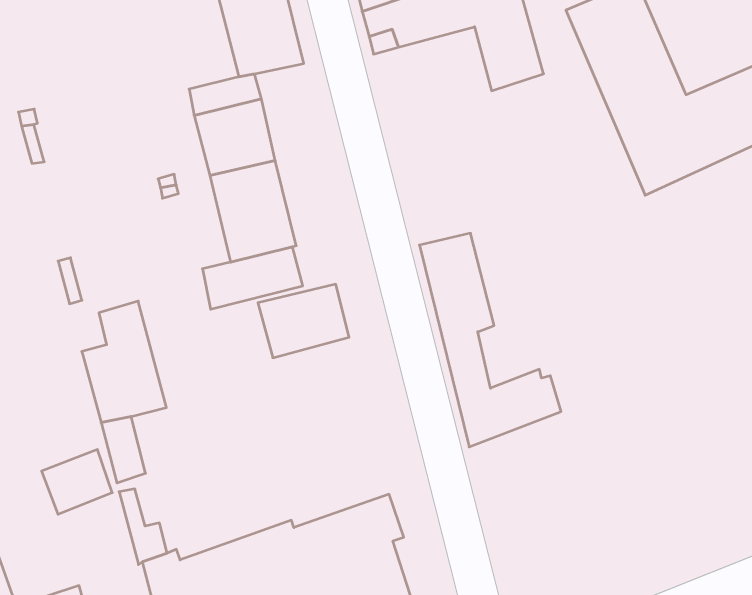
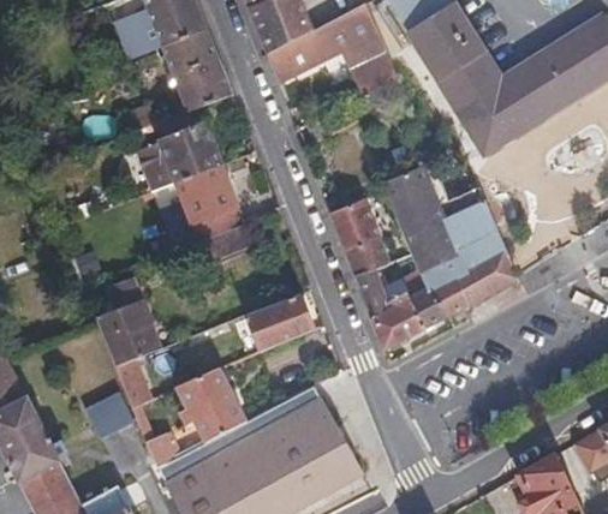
building: none -> [383,167,513,316]
building: [258,284,349,358] -> [245,297,312,354]
building: none -> [183,370,248,440]

